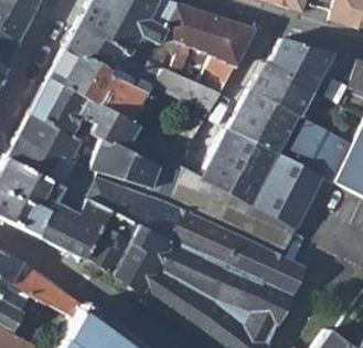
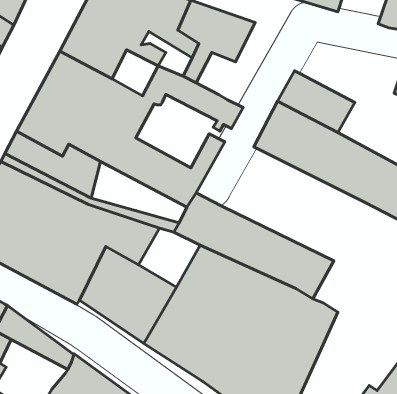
building: [207,22,256,94] -> none
building: [268,38,333,89] -> none
building: [202,127,322,223] -> none
building: [93,139,173,191] -> none
building: [132,196,184,245] -> none

